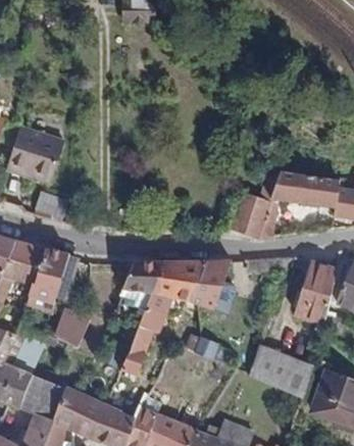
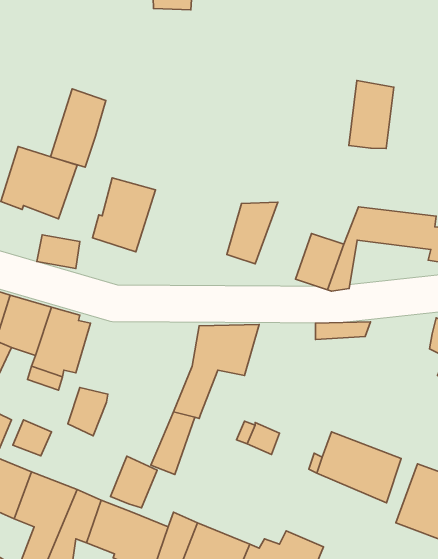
building: none -> [349,81,394,148]
building: none -> [50,89,106,167]
building: none -> [92,178,156,252]
building: [193,261,232,308] -> [227,202,278,264]
building: [123,263,158,294] -> none
building: [295,263,336,325] -> none
building: none -> [111,456,157,508]

